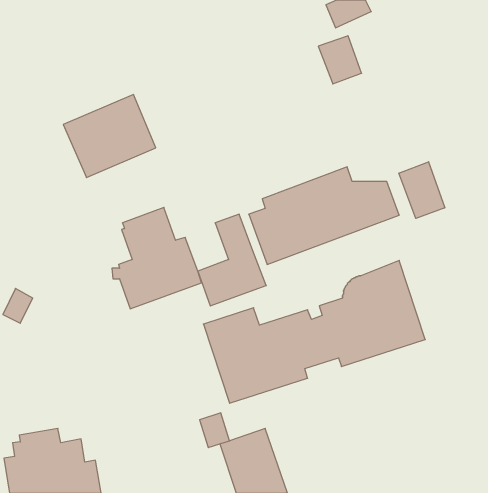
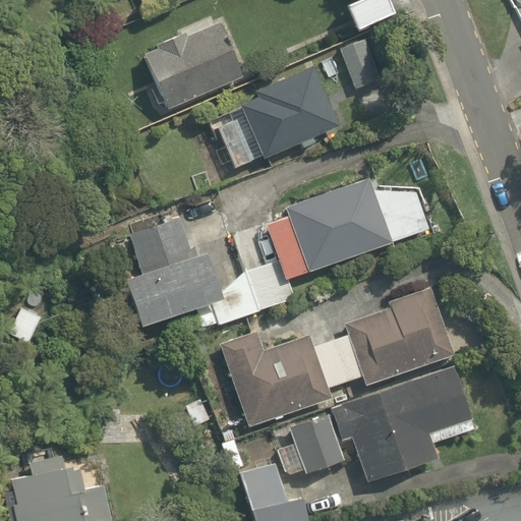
building: none -> [210,66,340,168]
building: [63,95,156,178] -> [144,21,242,109]
building: [399,162,445,218] -> none
building: none -> [288,366,474,482]

